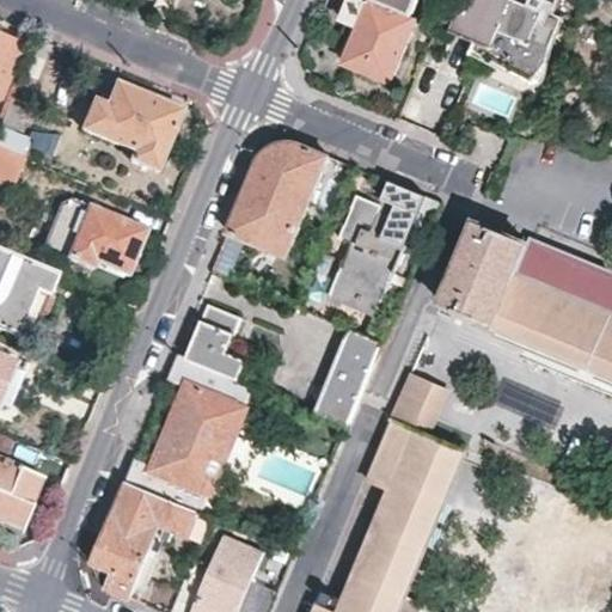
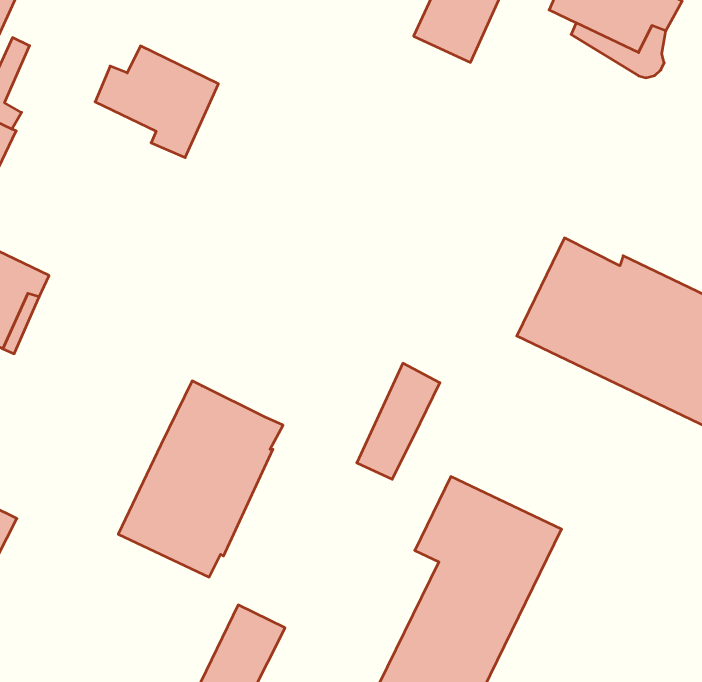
building: [208,140,325,279] -> none
building: [330,179,422,307] -> none
building: [37,198,140,274] -> none
building: [183,305,243,380] -> none
building: [391,379,449,437] -> none
building: [88,483,207,599] -> none

